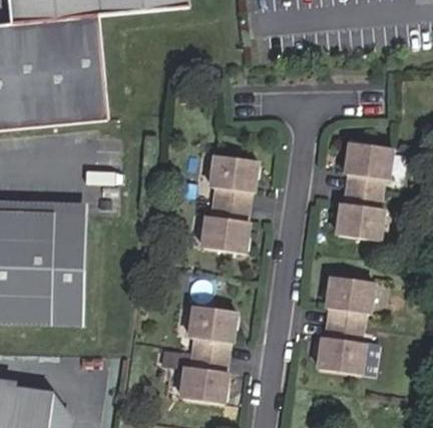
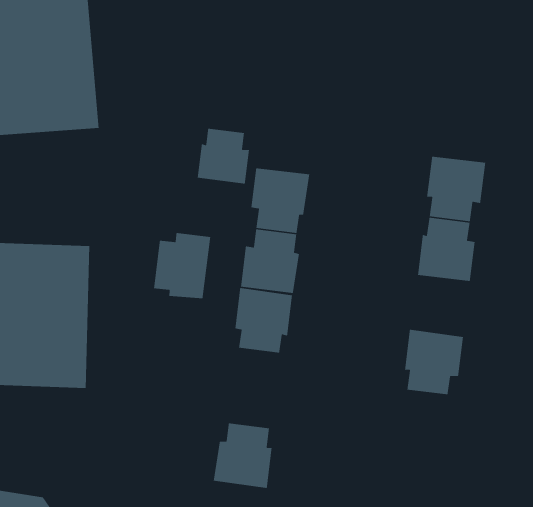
building: none -> [197,128,250,185]
building: none -> [153,232,211,299]
building: [189,302,235,353] -> [234,287,293,353]
building: [321,324,366,375] -> none

